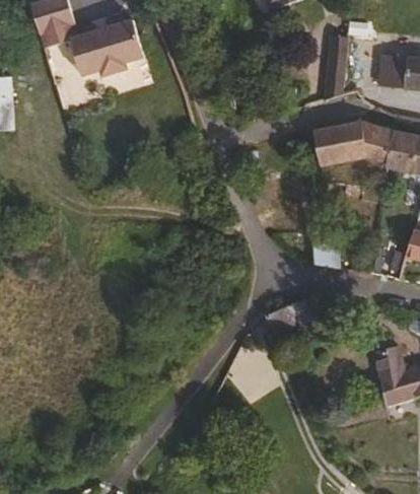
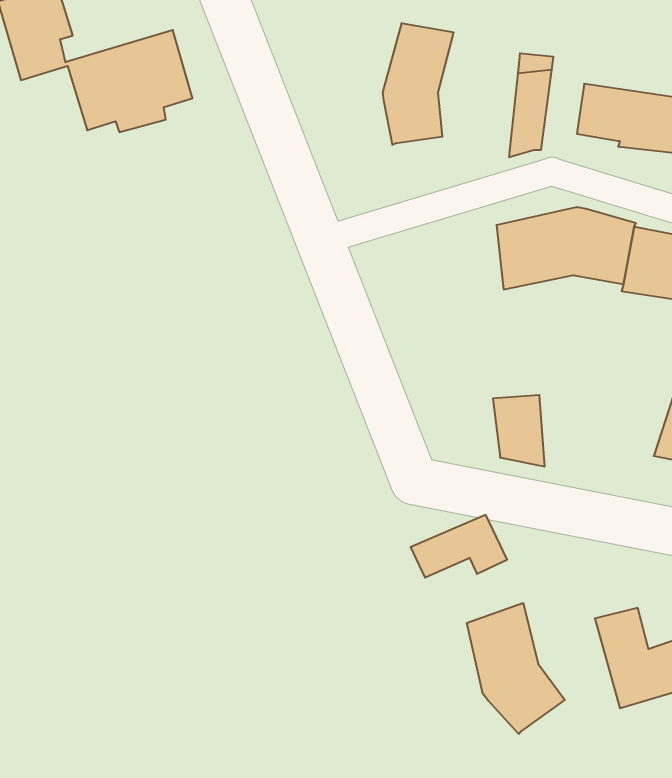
building: none -> [383,23,453,145]
building: none -> [467,603,565,734]

